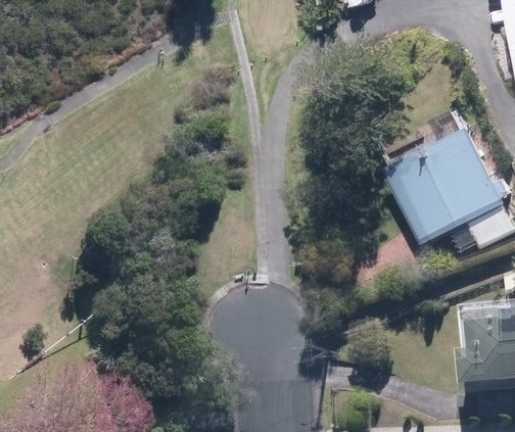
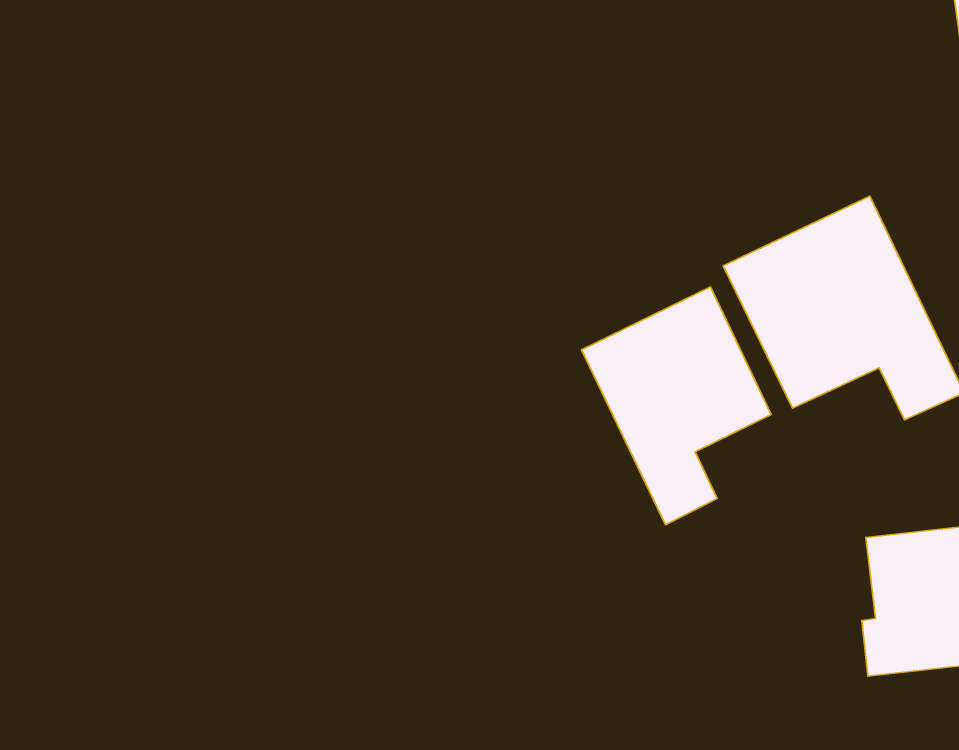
building: none -> [582,287,771,525]

